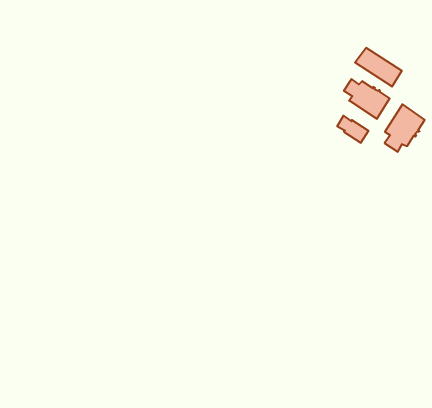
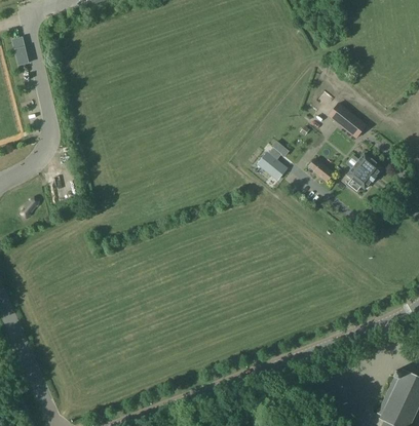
building: [344,79,390,119] -> none
building: none -> [258,141,288,180]

